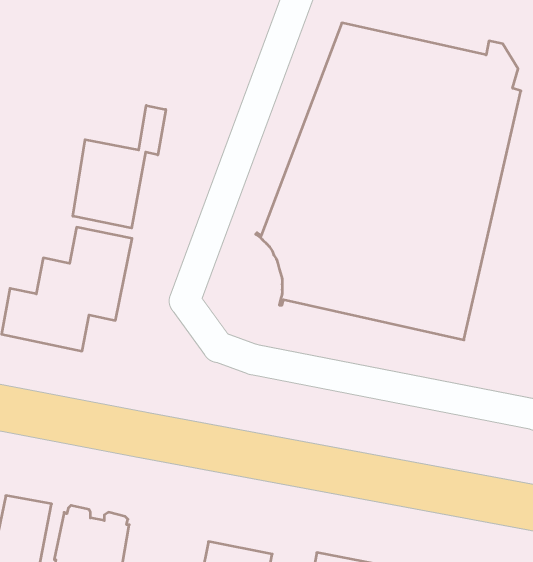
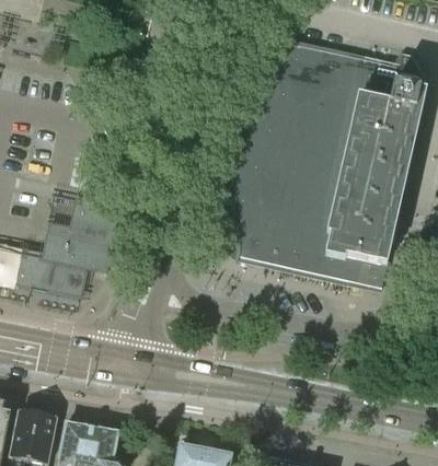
building: [73,105,166,228] -> none

